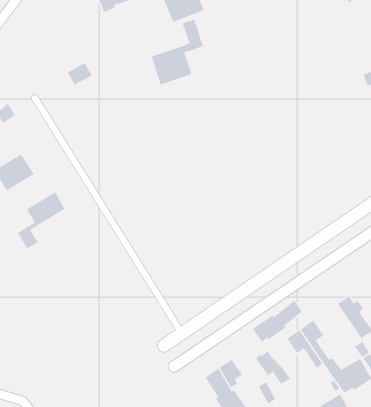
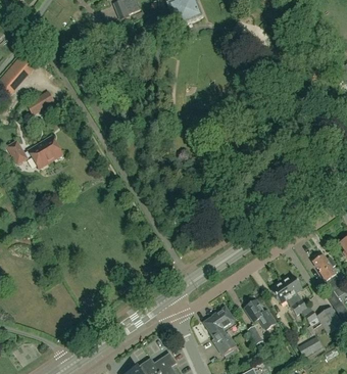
building: [151,19,204,85] -> none
building: [17,191,66,249] -> none
building: [252,300,303,343] -> none

